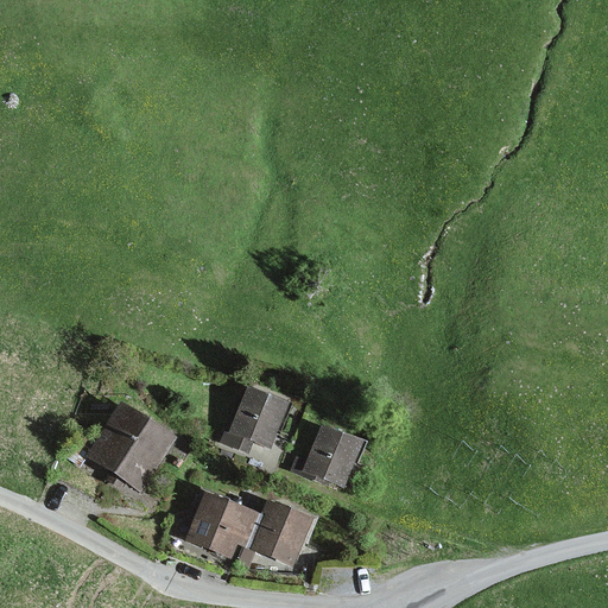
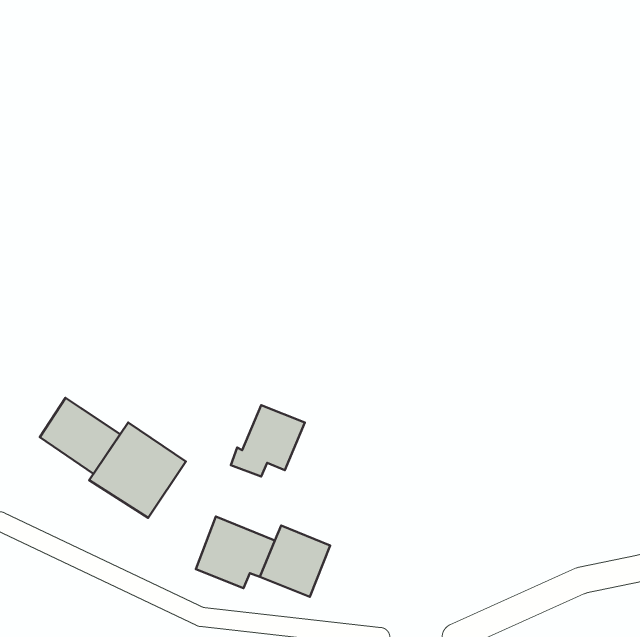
building: none -> [40,398,120,474]
building: [291,424,363,486] -> none

